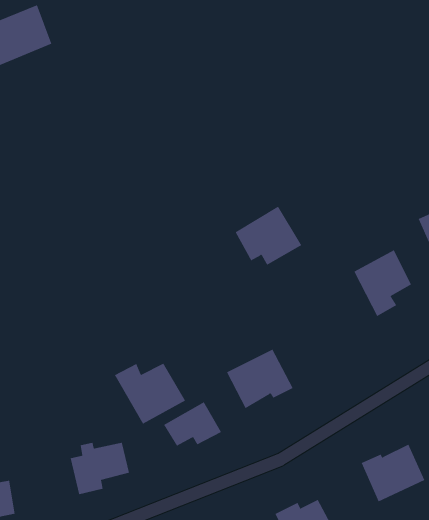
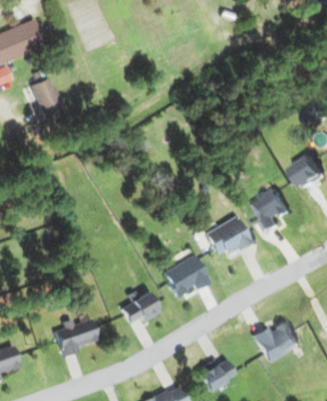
building: none -> [32,77,63,121]
building: [235,206,302,266] -> [206,215,252,256]
building: [114,363,186,424] -> none

